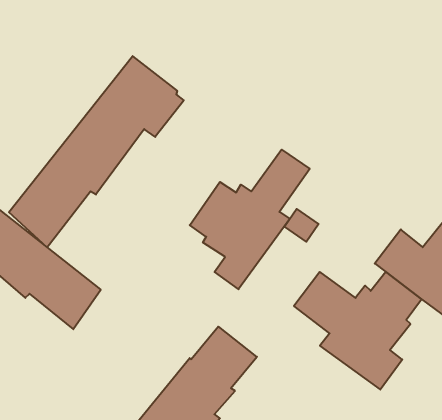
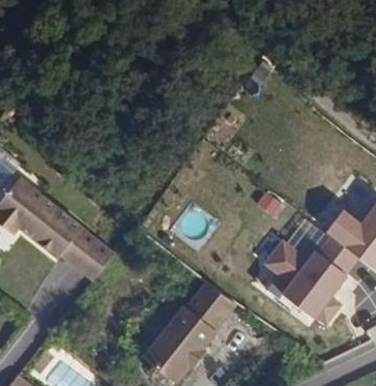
building: [9,56,184,247] -> none
building: [190,150,310,289] -> none

